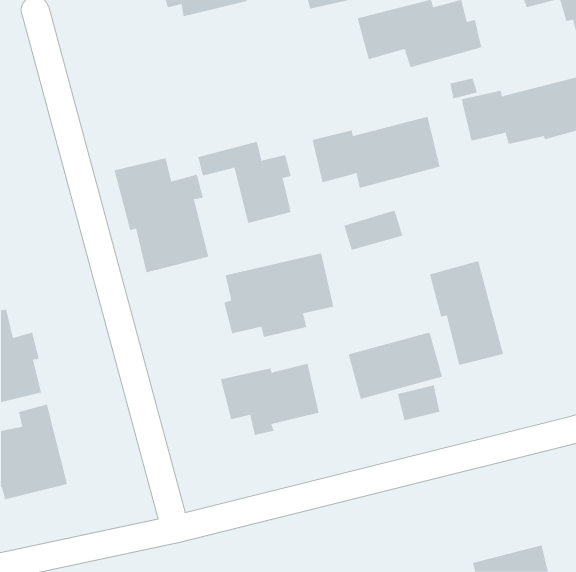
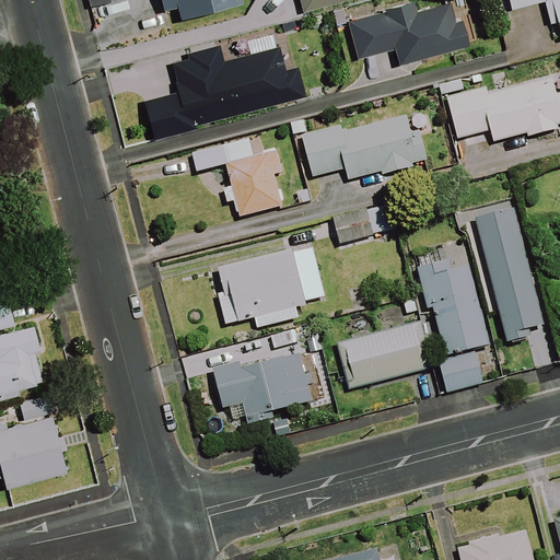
building: none -> [142,43,303,136]
building: [114,158,209,273] -> none
building: none -> [476,208,545,341]
building: [397,385,440,421] -> [439,354,480,389]

